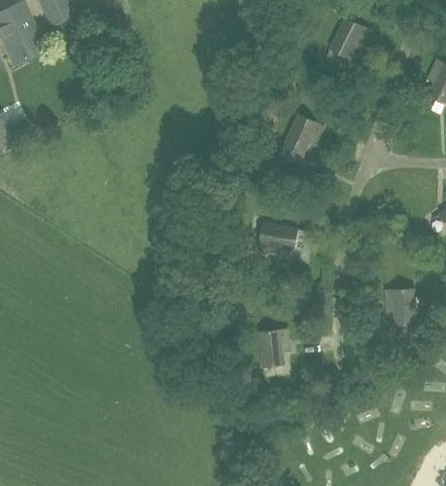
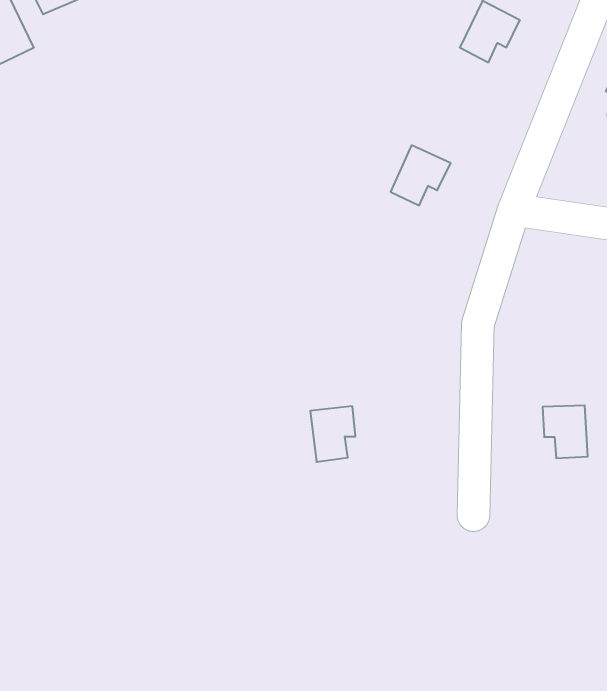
building: [257,223,297,255] -> none
building: [258,329,289,367] -> [310,406,355,462]

